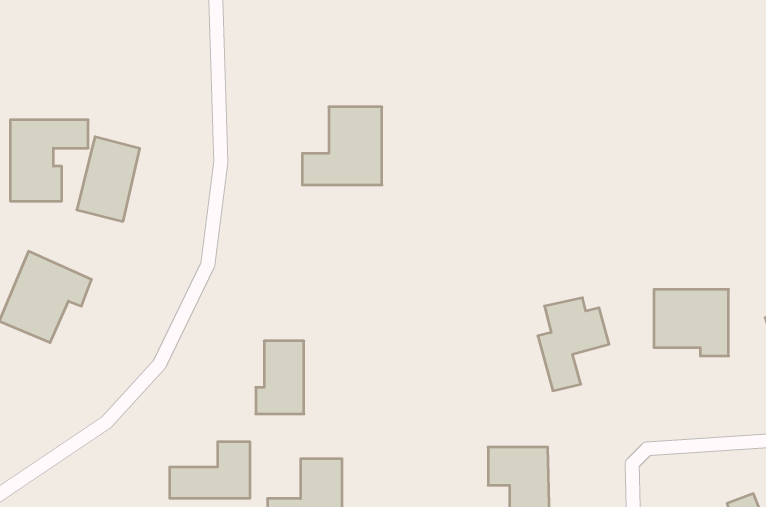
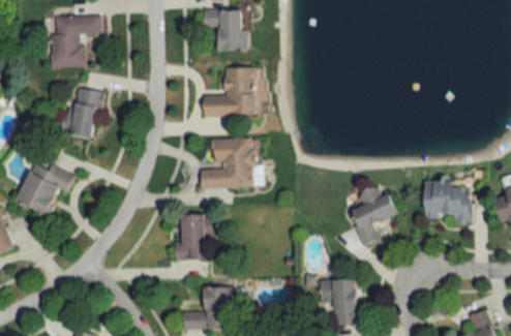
building: none -> [204,10,246,51]
building: [10,120,88,201] -> [53,17,101,67]
building: none -> [201,139,258,189]
building: [170,442,250,498] -> none

